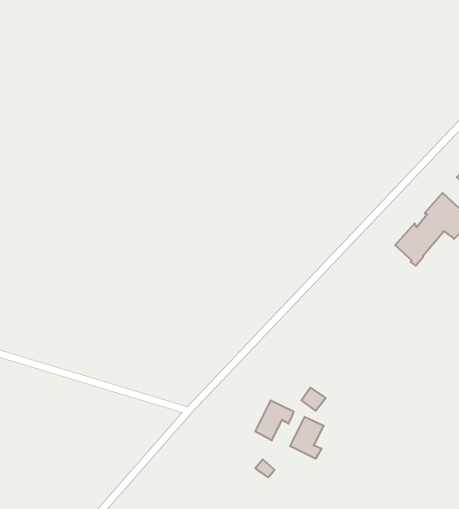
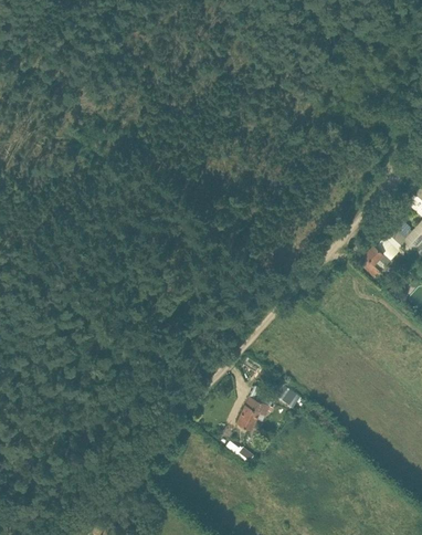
building: [290,417,324,459] -> none

